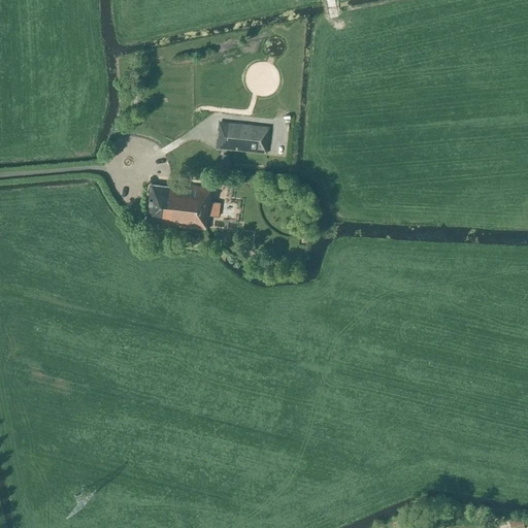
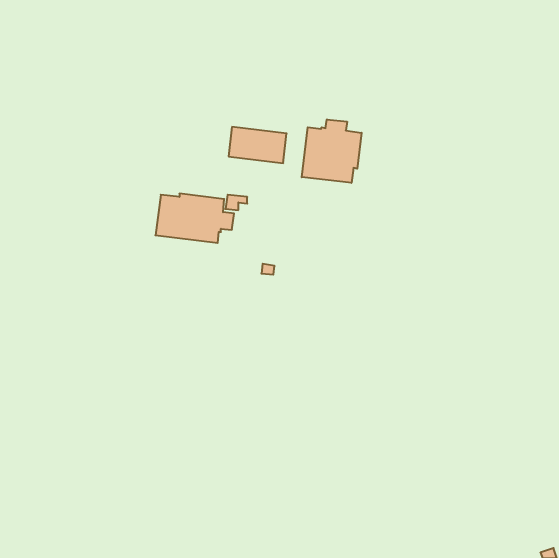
building: none -> [302,119,362,183]

